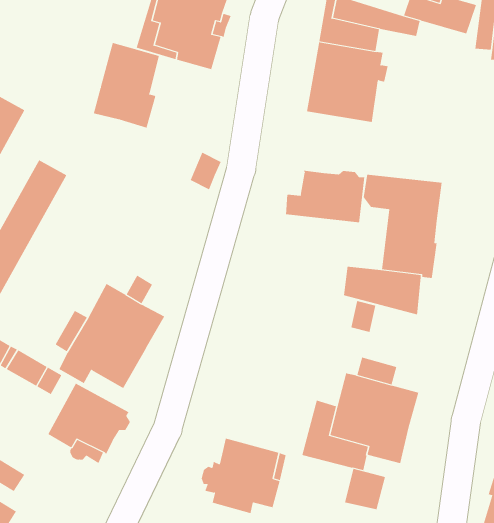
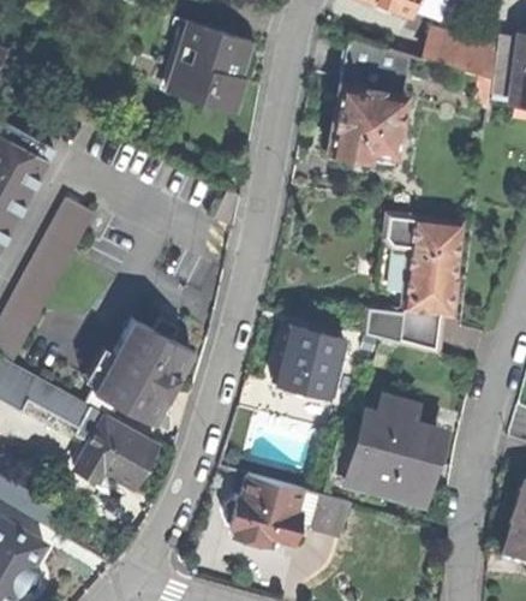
building: [93,42,160,129] -> none
building: [285,170,365,223] -> none
building: none -> [274,326,346,395]
building: [344,468,386,510] -> [311,493,352,534]

